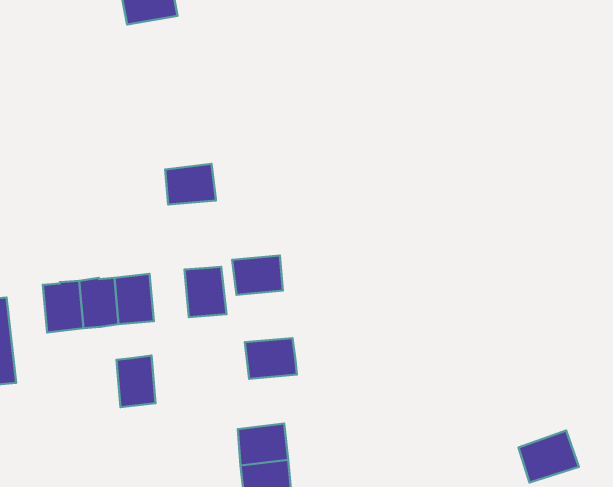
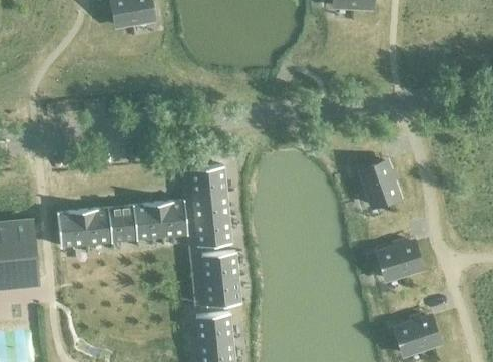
building: [165,164,216,205] -> [189,165,225,195]
building: none -> [360,160,398,205]
building: none -> [194,217,230,247]
building: none -> [378,243,421,279]
building: [116,355,156,407] -> [132,202,160,239]
building: none -> [203,277,239,306]

